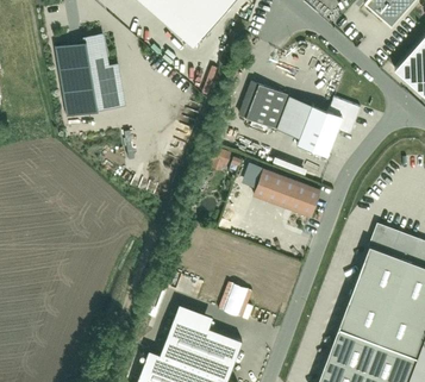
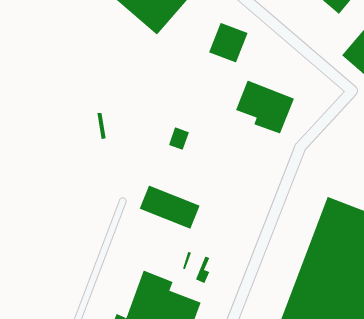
building: [56,33,129,117] -> none
building: [248,83,292,129] -> [208,22,248,63]
building: [251,171,319,220] -> [139,185,201,229]

